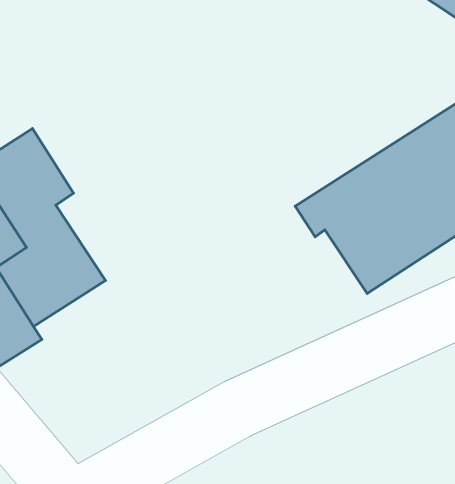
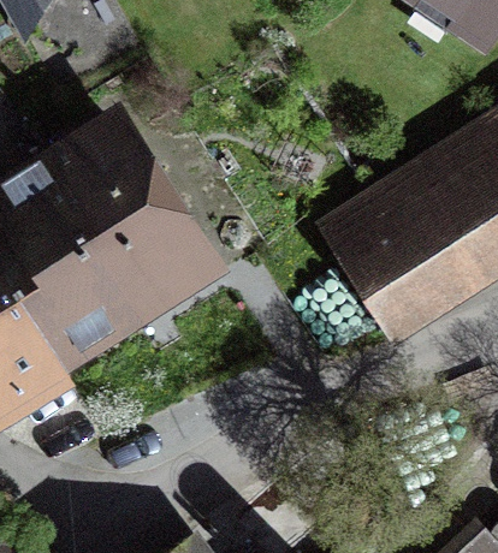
building: none -> [58,118,206,308]

